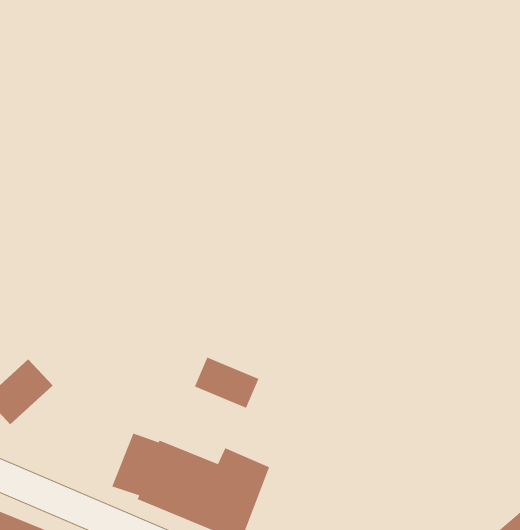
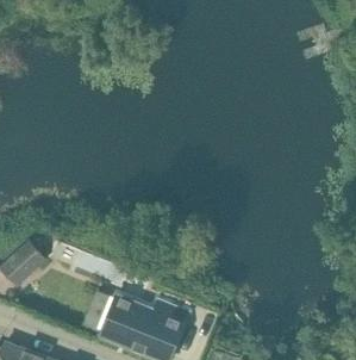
building: [194,357,260,409] -> none

